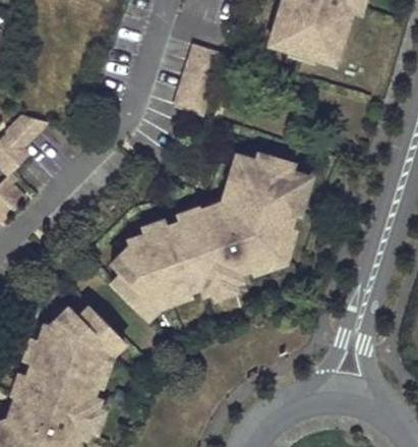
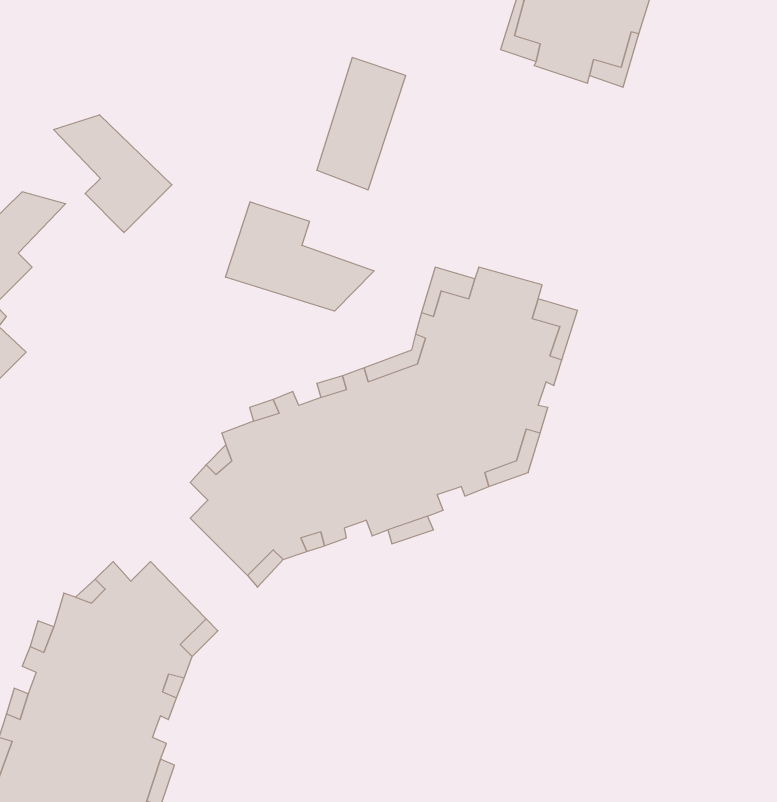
building: none -> [54,115,172,233]
building: none -> [225,202,374,311]

